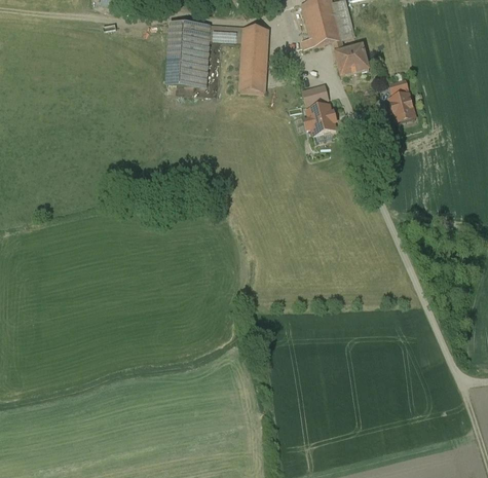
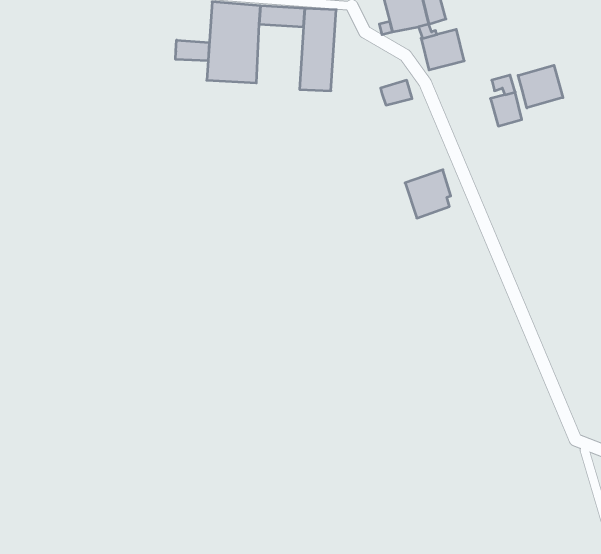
building: none -> [176,40,209,61]
building: none -> [518,65,563,108]
building: [305,100,341,138] -> [405,170,451,218]

